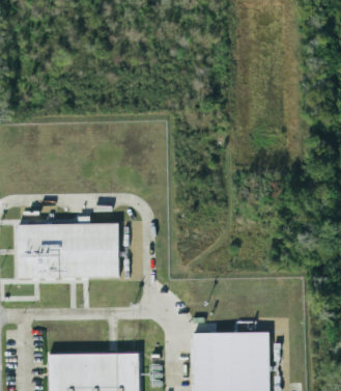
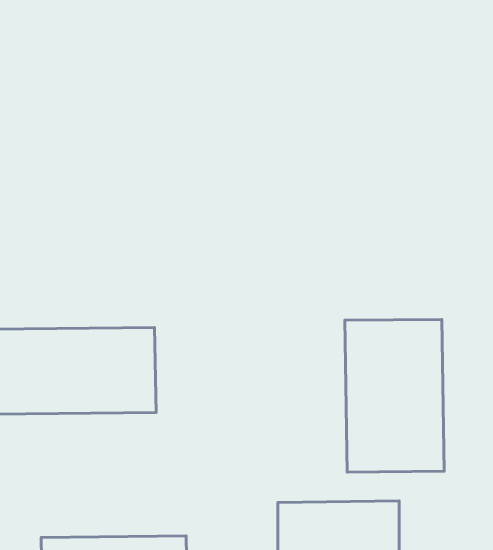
building: none -> [345,319,444,472]

